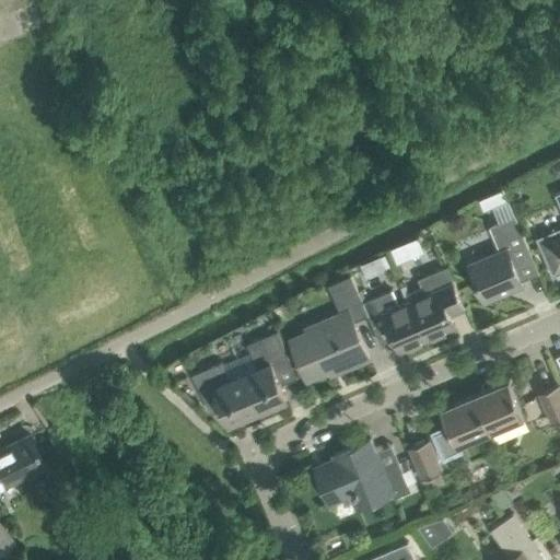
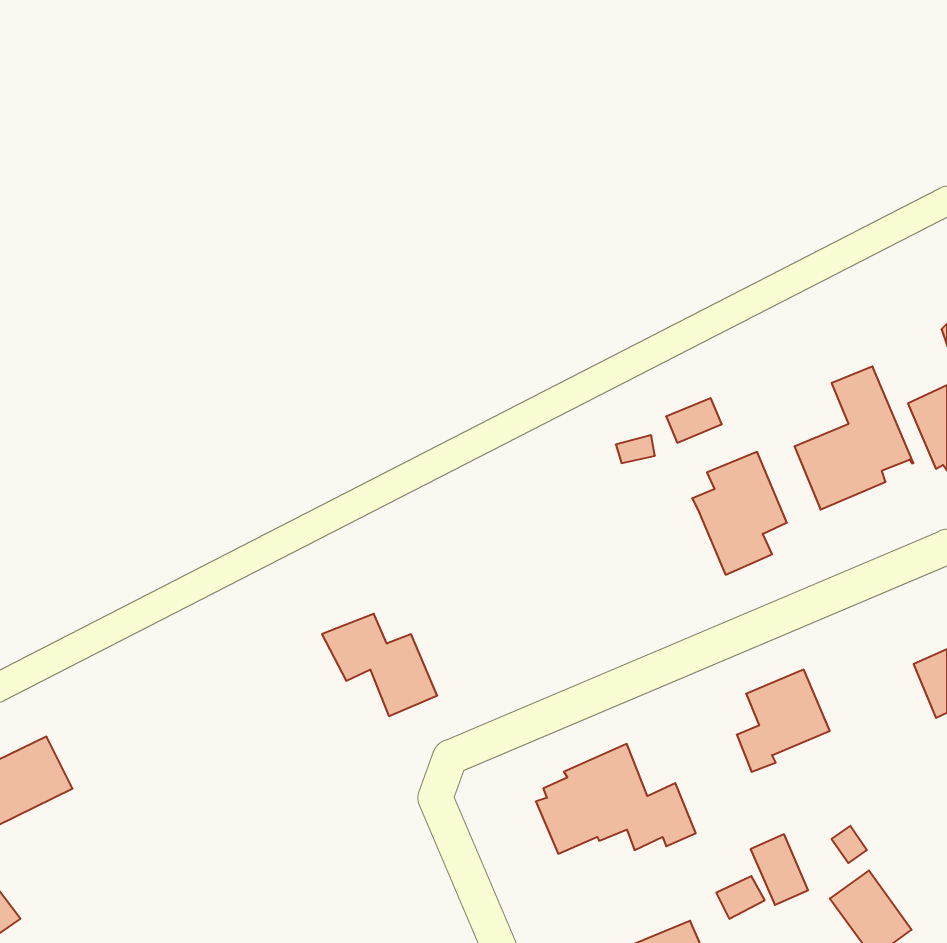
building: [327,278,359,311] -> none
building: [361,293,427,353] -> none
building: [291,313,368,382] -> none
building: [242,335,287,413] -> none
building: [472,384,523,434] -> none
building: [407,441,441,482] -> [751,834,808,905]

